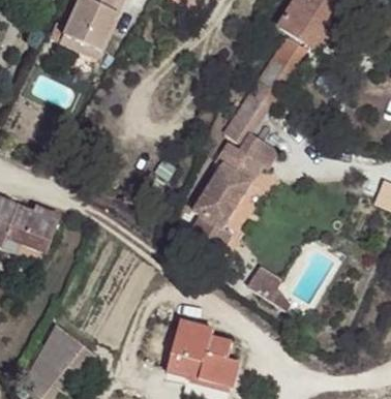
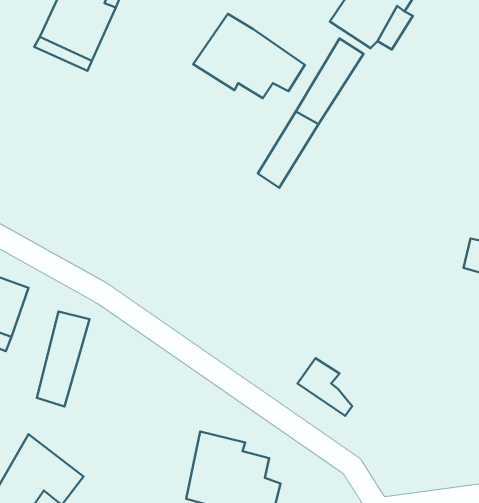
building: none -> [193,14,305,98]
building: [193,129,279,245] -> none
building: none -> [37,312,89,407]

